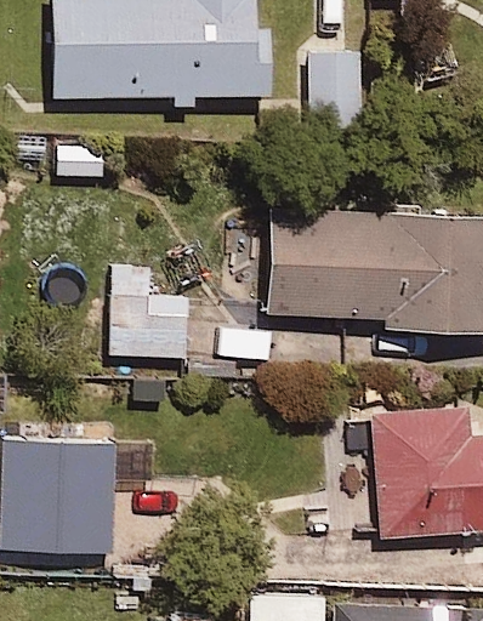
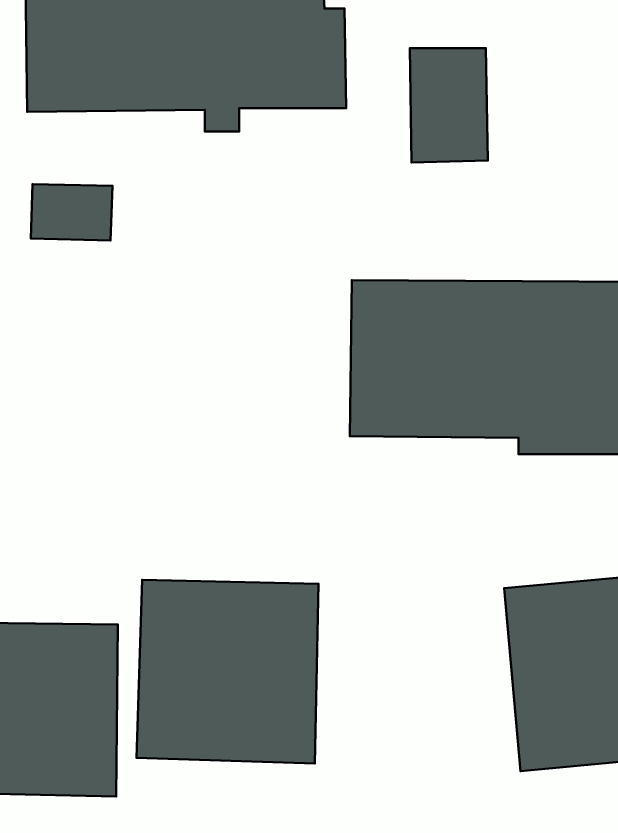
building: [112,270,189,359] -> none
building: none -> [137,580,319,763]

